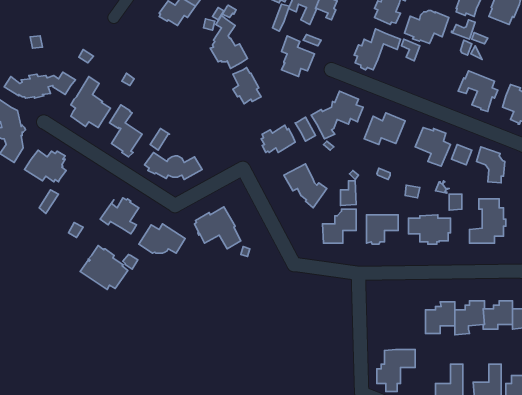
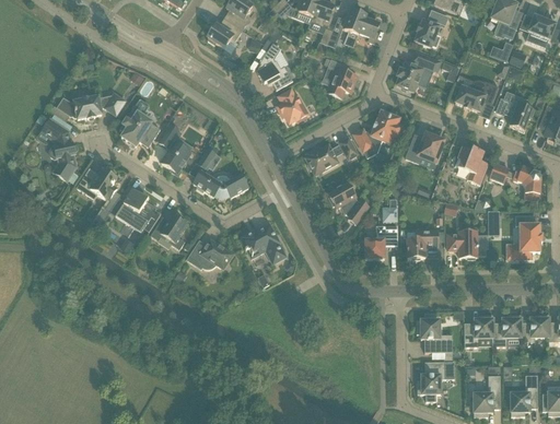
building: [405,11,449,43] -> [455,80,498,111]
building: [80,245,128,290] -> [115,189,161,232]
building: none -> [416,313,452,358]

